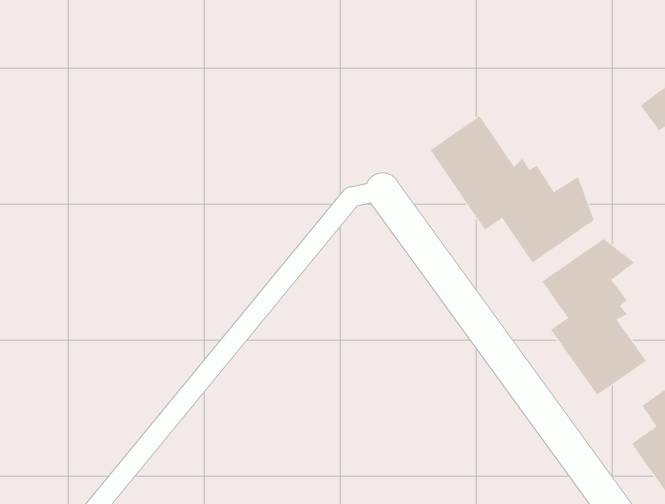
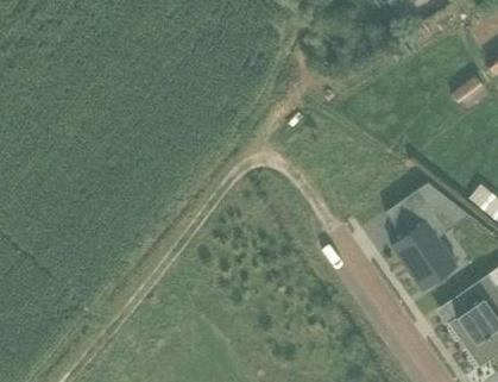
building: [430,115,594,263] -> none

